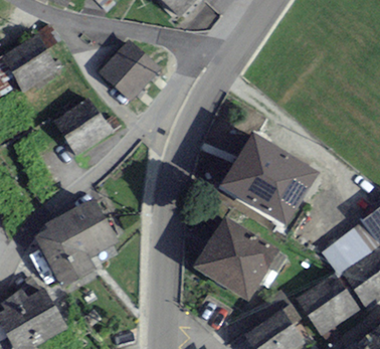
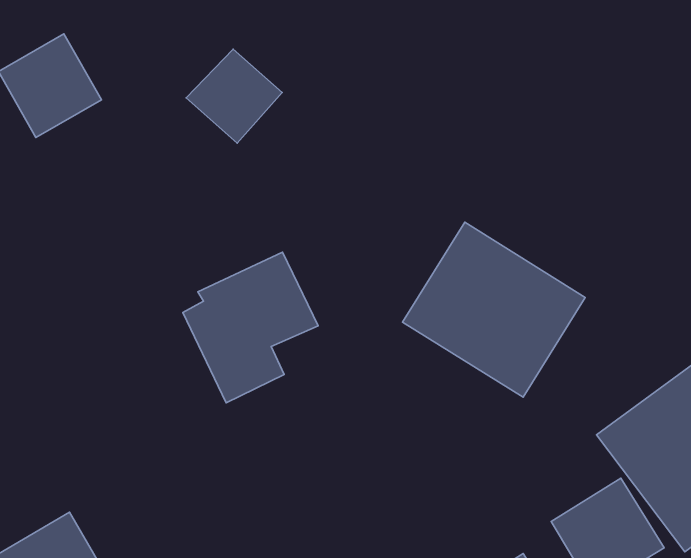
building: [59,101,108,148] -> none
building: [39,202,112,283] -> [183,252,318,403]
building: [194,219,279,303] -> none

